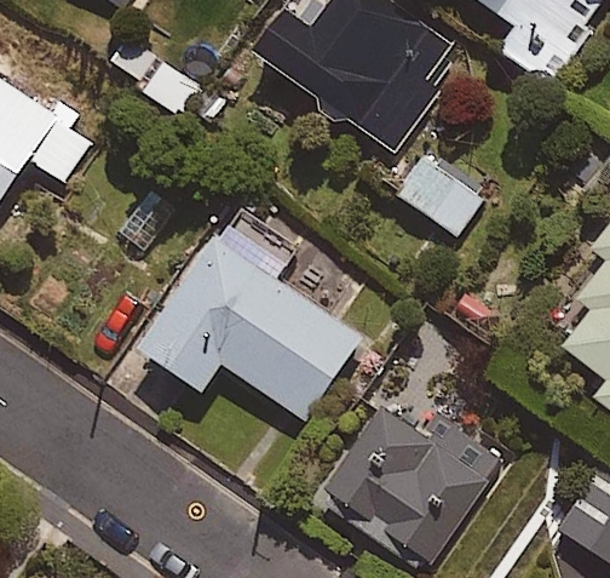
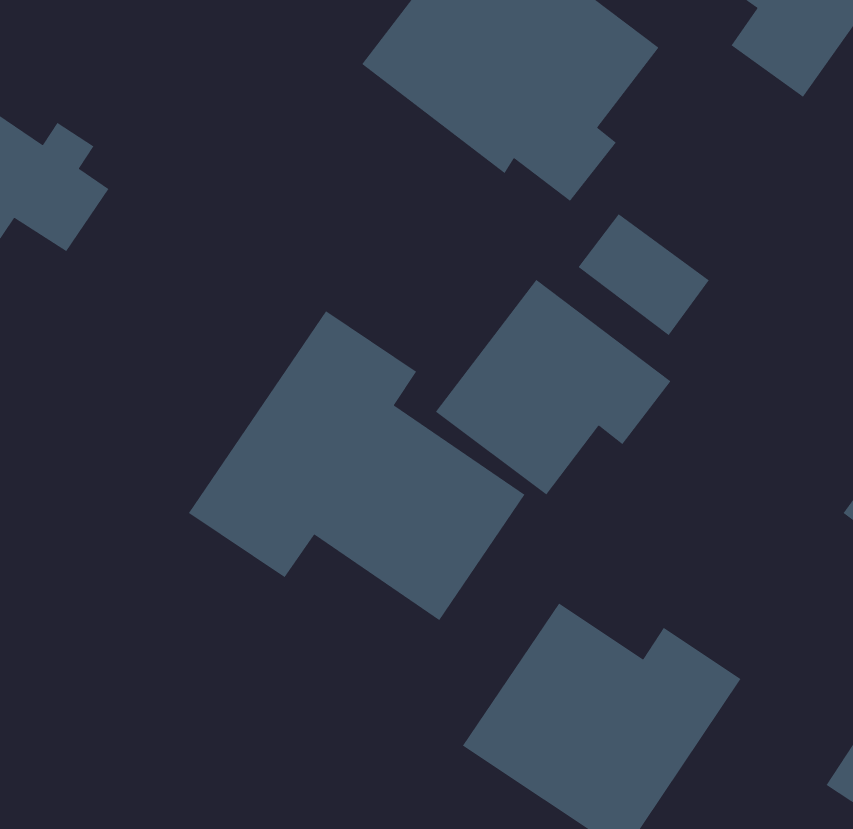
building: none -> [435,279,671,495]

